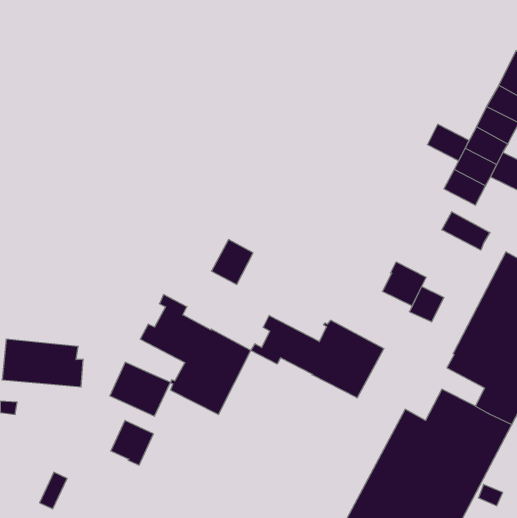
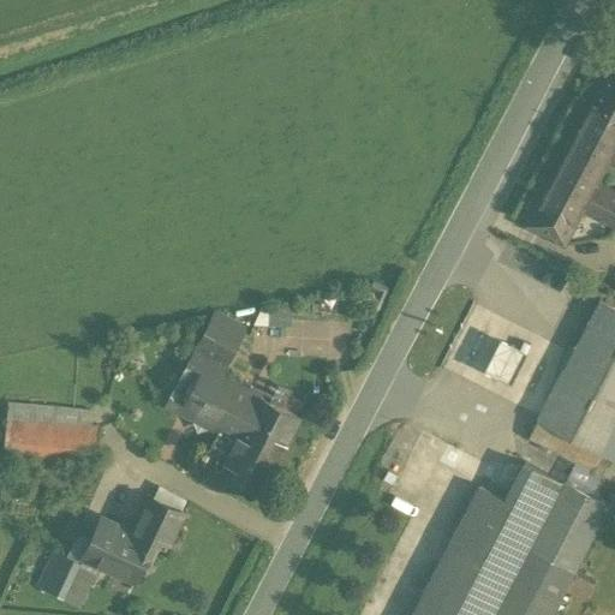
building: [427,124,469,161] -> none
building: [442,212,490,250] -> none
building: [211,240,253,284] -> [196,312,245,365]
building: [382,262,426,306] -> none
building: [251,315,384,398] -> none
building: [110,362,171,416] -> [83,520,155,584]

